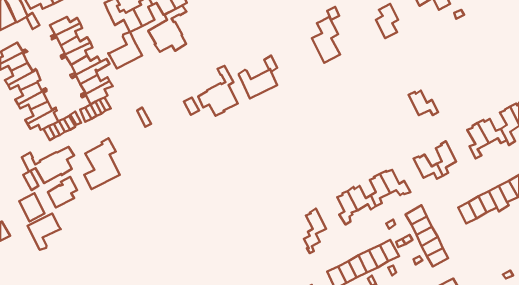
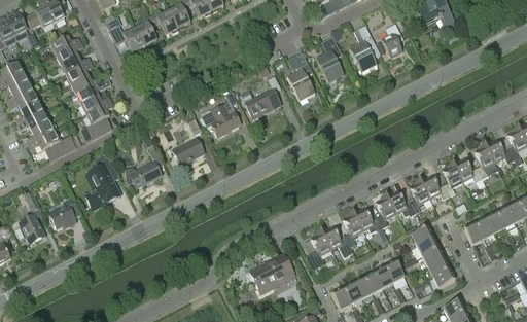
building: [148,5,186,52] -> none
building: none -> [349,25,380,72]
building: none -> [287,51,315,101]
building: [108,32,142,69] -> none
building: [409,91,438,115] -> [452,157,482,182]
building: none -> [173,138,205,166]
building: none -> [120,160,162,187]
building: [22,147,74,183] -> none
building: none -> [409,179,429,213]
building: none -> [320,225,353,257]
building: [27,213,61,250] -> none
building: none -> [249,254,296,292]

